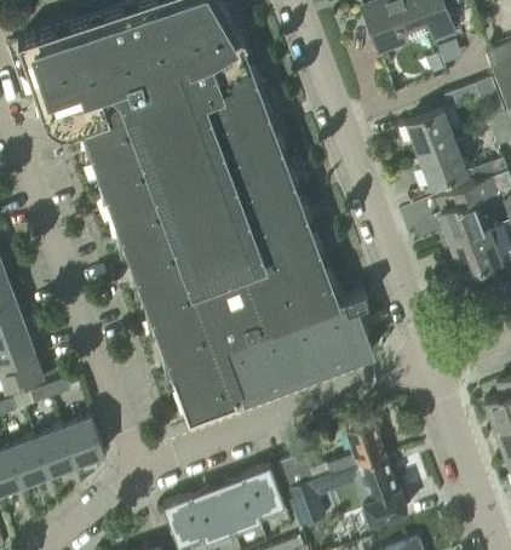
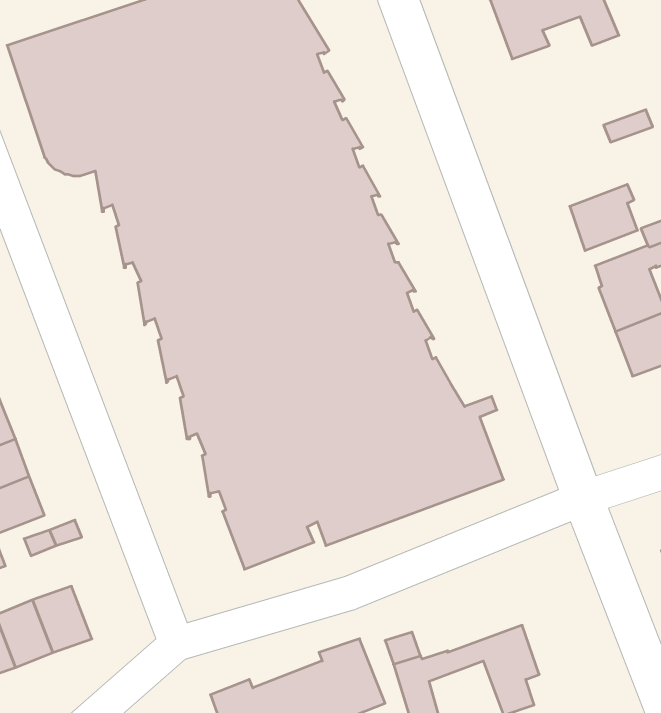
building: [406,110,460,156] -> none
building: [63,417,105,465] -> none
building: [328,422,385,475] -> none

